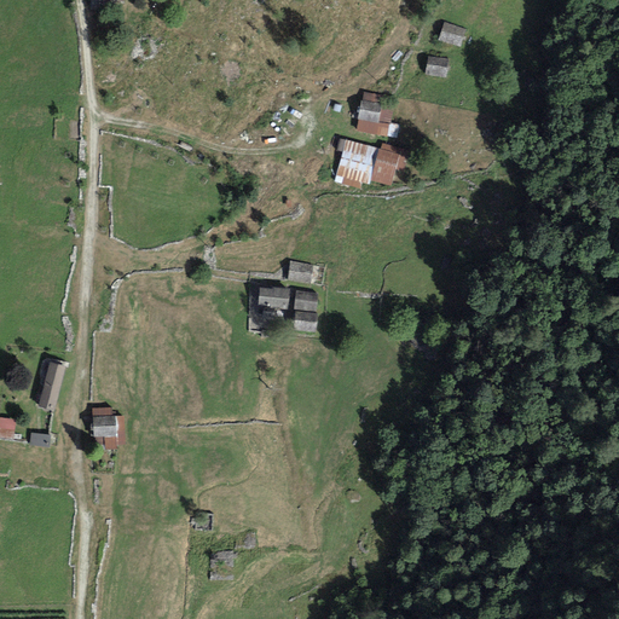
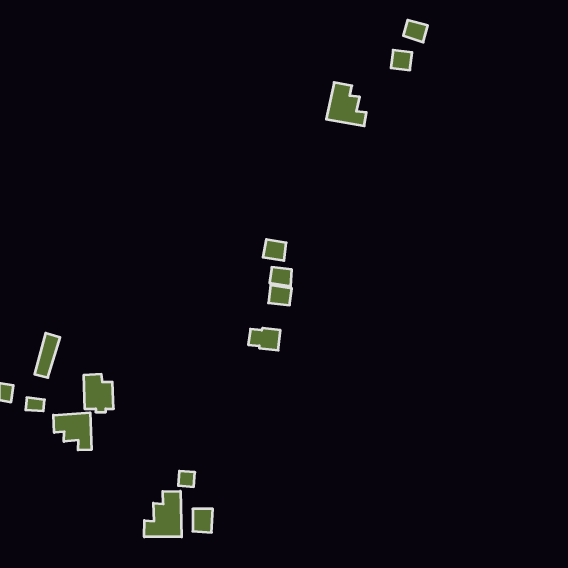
building: [332,139,409,189] -> none
building: [256,285,291,310] -> [248,328,280,350]
building: none -> [53,413,91,450]
building: none -> [144,491,182,537]

